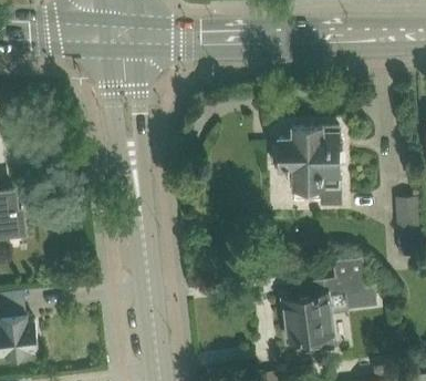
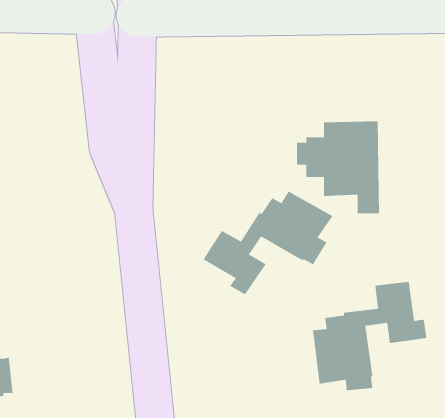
building: none -> [203,191,333,295]

